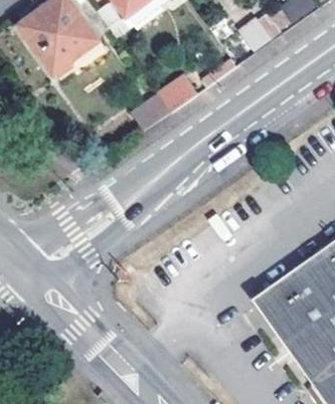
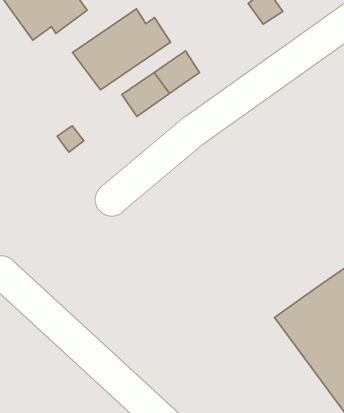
building: none -> [73,9,170,90]

